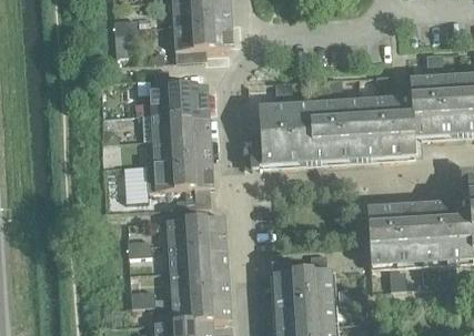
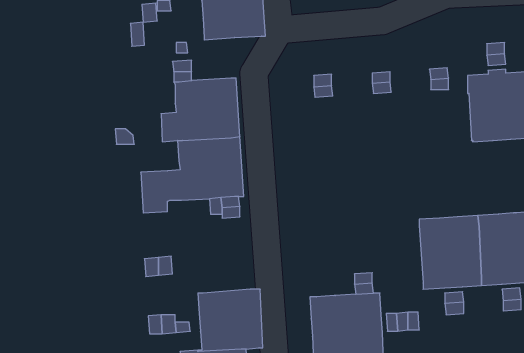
building: [258,96,414,166] -> none
building: [170,215,228,271] -> none

